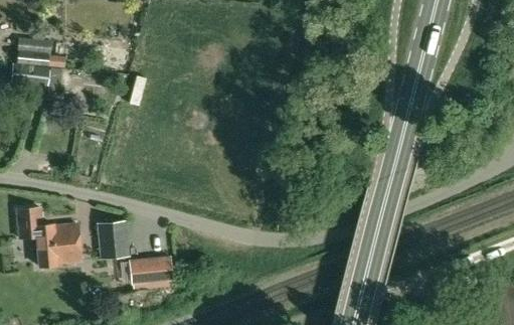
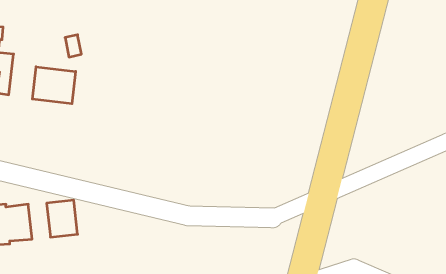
building: none -> [32,67,76,104]
building: [130,257,173,285] -> none

